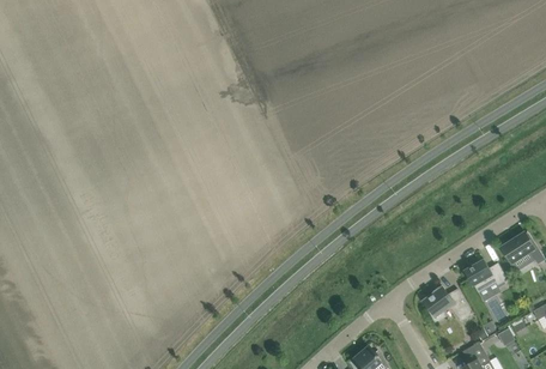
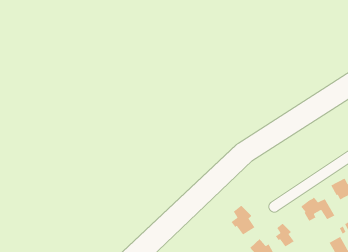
building: none -> [231,205,256,236]
building: none -> [275,223,295,248]

